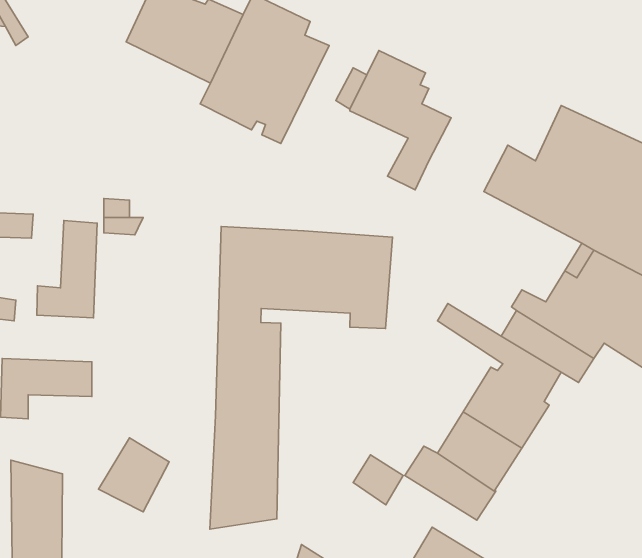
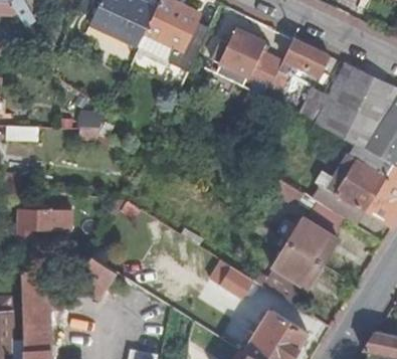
building: none -> [267,39,331,101]
building: [37,221,97,318] -> none
building: [210,227,393,529] -> none

